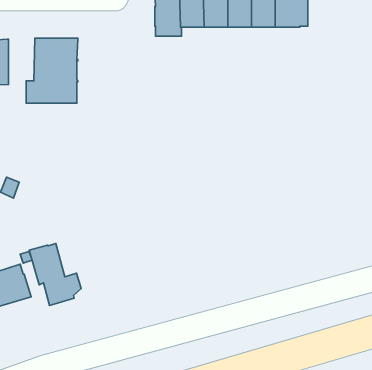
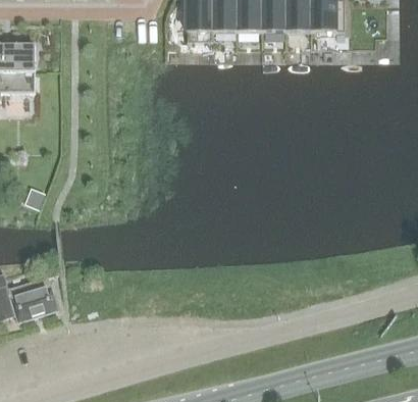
building: [26,38,78,103] -> none
building: [29,244,81,305] -> none

